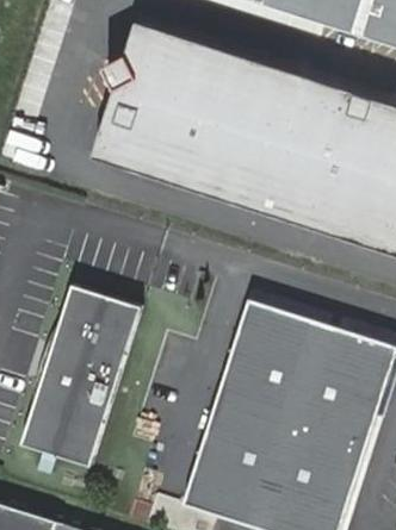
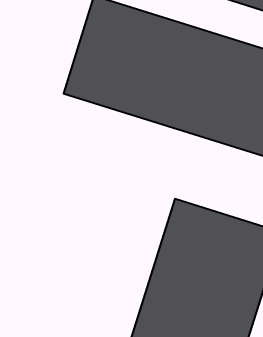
building: [19,287,140,468] -> none

